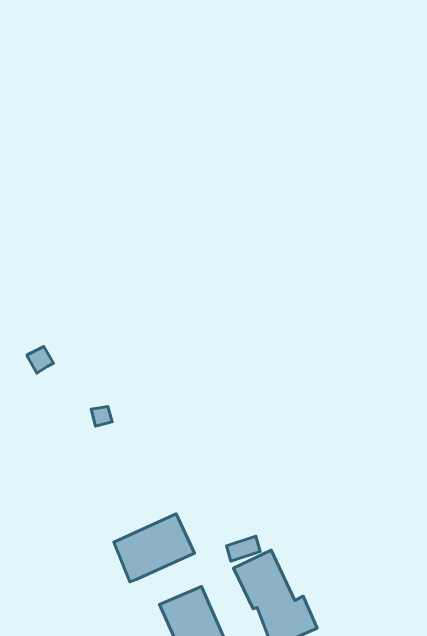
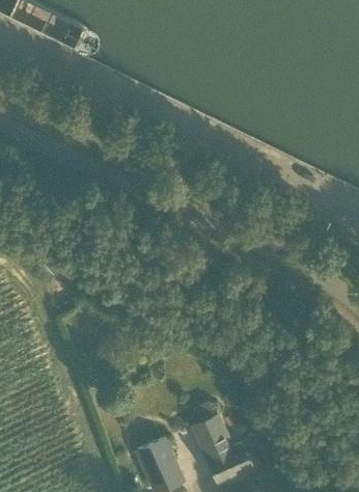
building: [114,514,195,582] -> none

